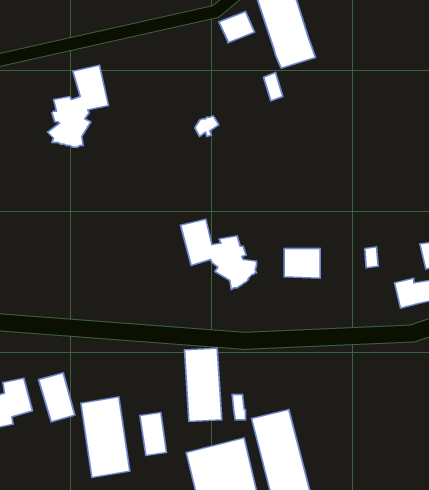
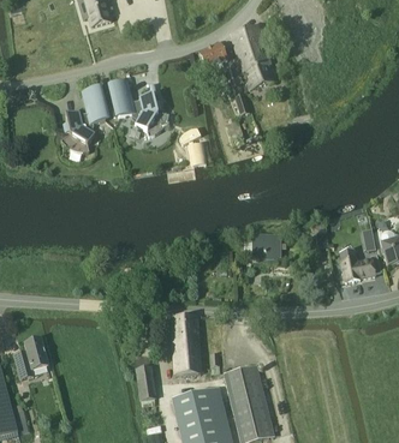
building: [181,219,257,289] -> [107,80,168,137]
building: [38,373,75,422] -> none
building: [81,397,130,477] -> none

